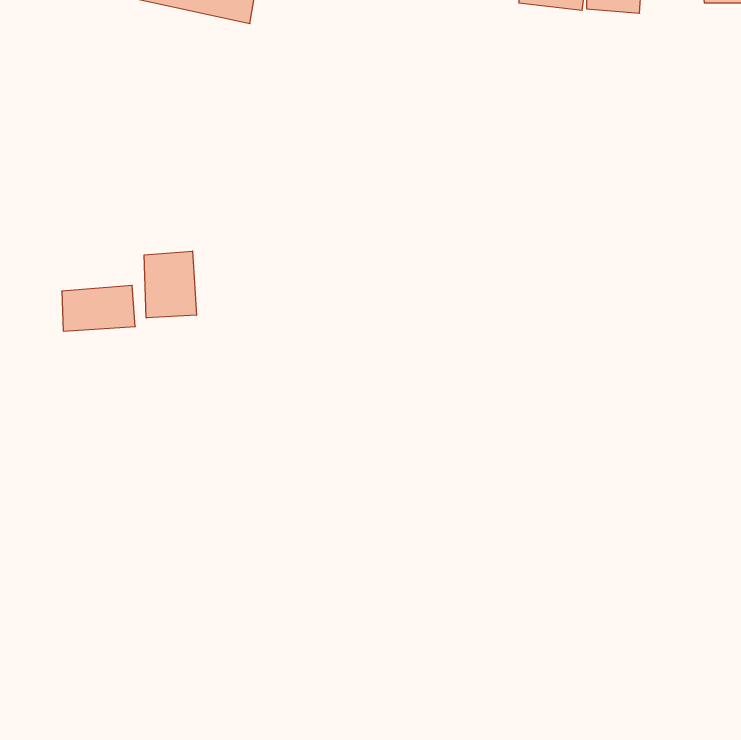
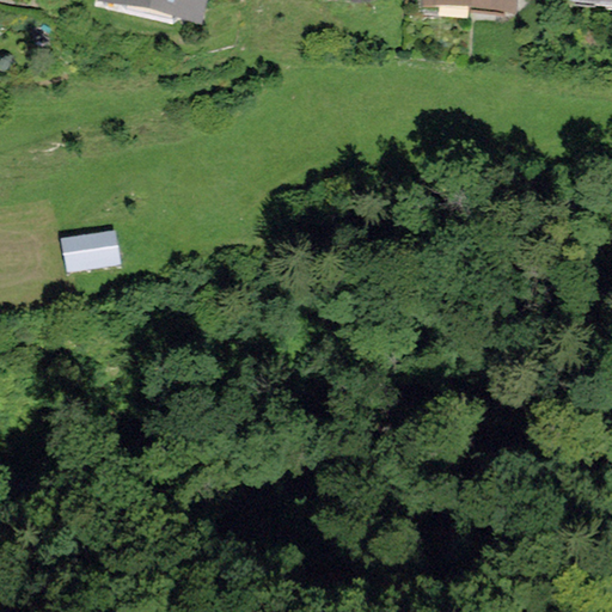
building: [144,251,196,318] -> none

